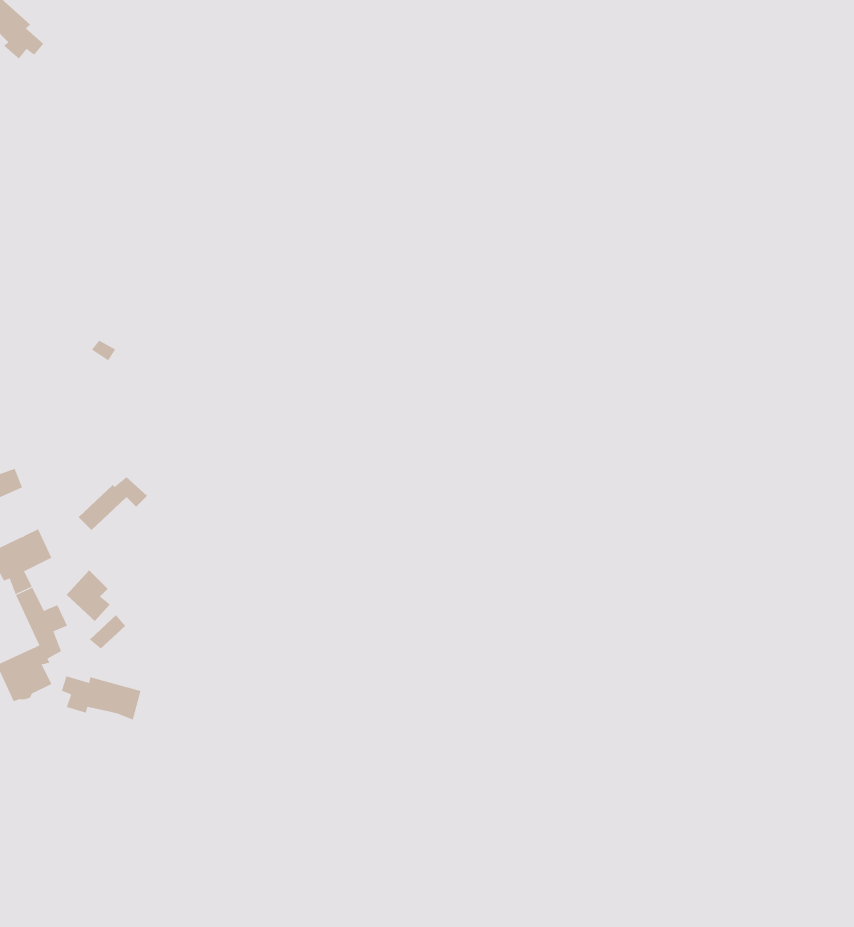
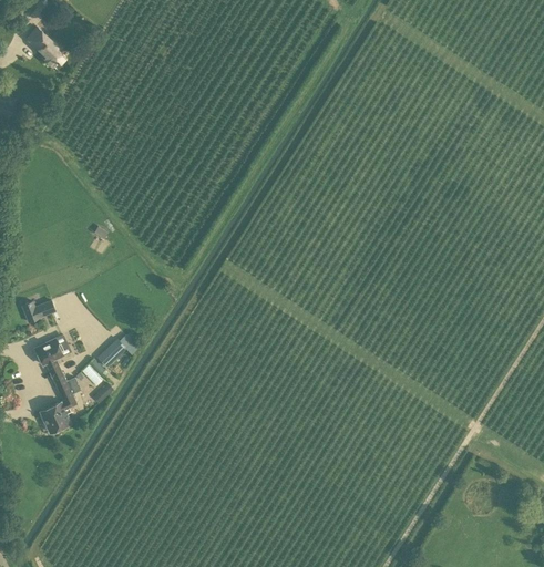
building: [78,476,148,531] -> [99,336,138,367]
building: [61,676,141,721] -> none

